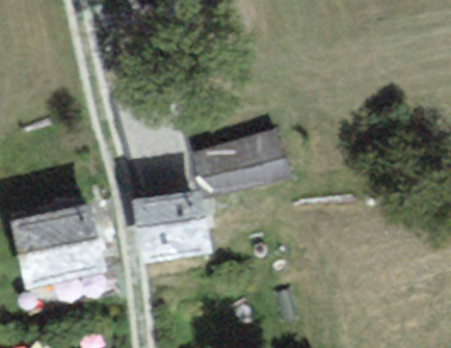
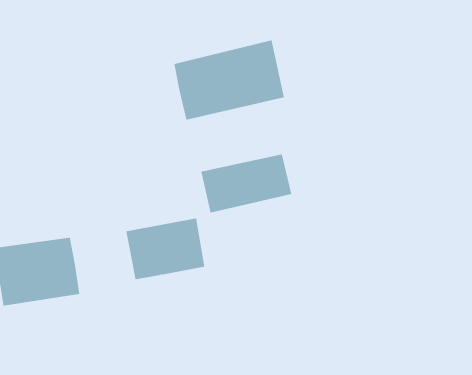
building: none -> [174,40,285,121]

